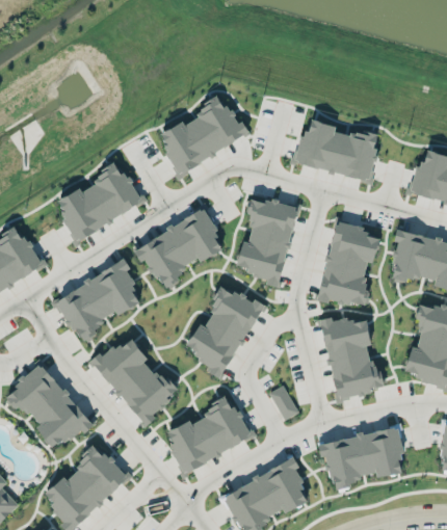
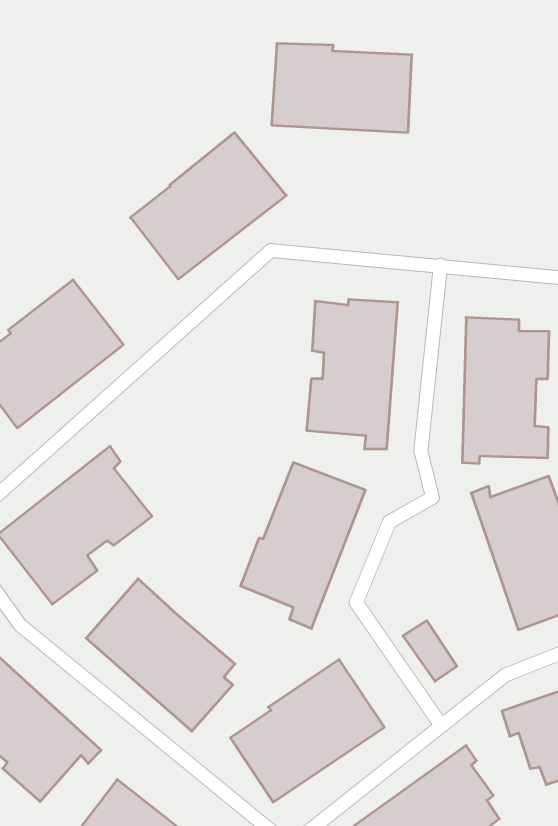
building: [294,120,378,181] -> [272,44,412,132]
building: [132,210,225,290] -> none

